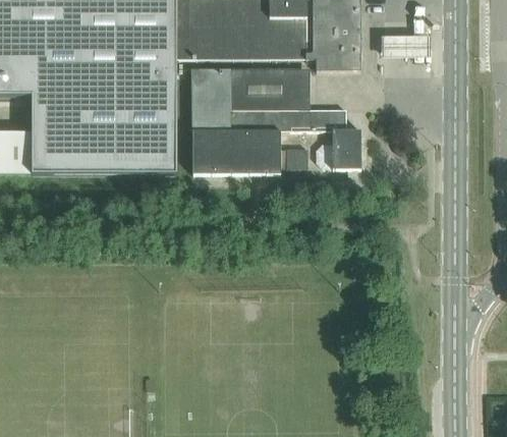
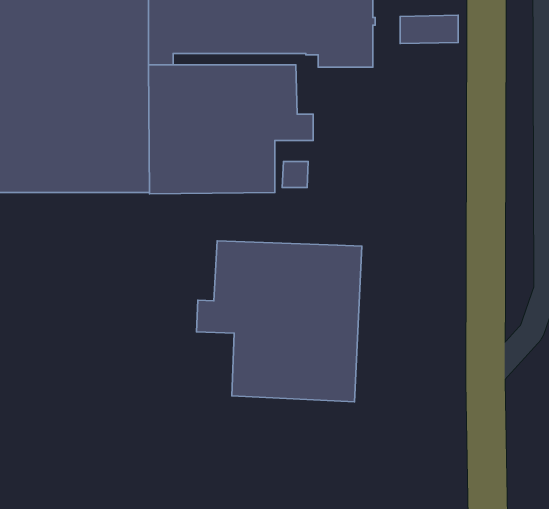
building: [311,109,364,168] -> none
building: none -> [197,241,362,402]

